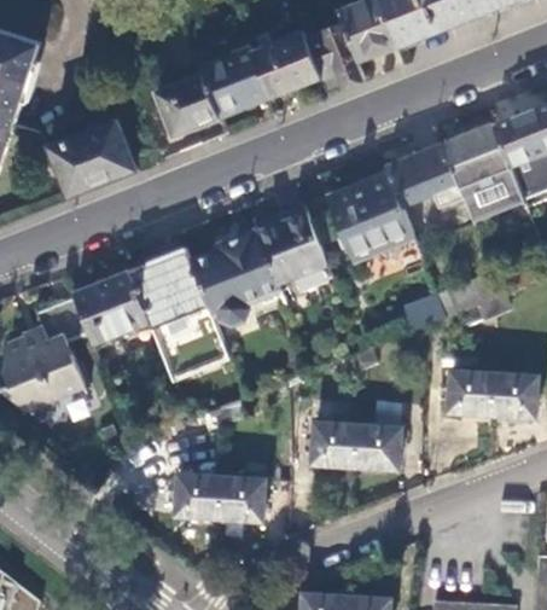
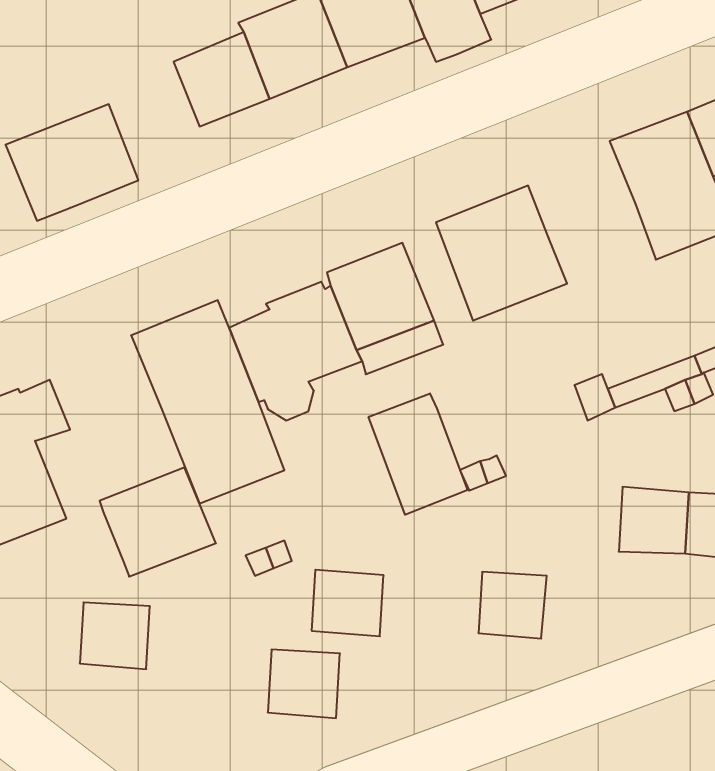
building: [385,144,458,207] -> none
building: [72,271,149,342] -> [100,468,216,577]
building: none -> [369,393,467,515]
building: [310,422,357,465] -> [312,570,384,636]
building: [174,474,220,517] -> [80,602,150,669]

